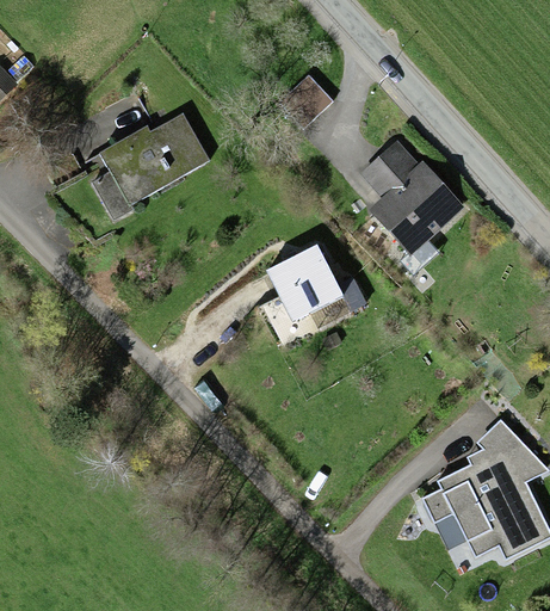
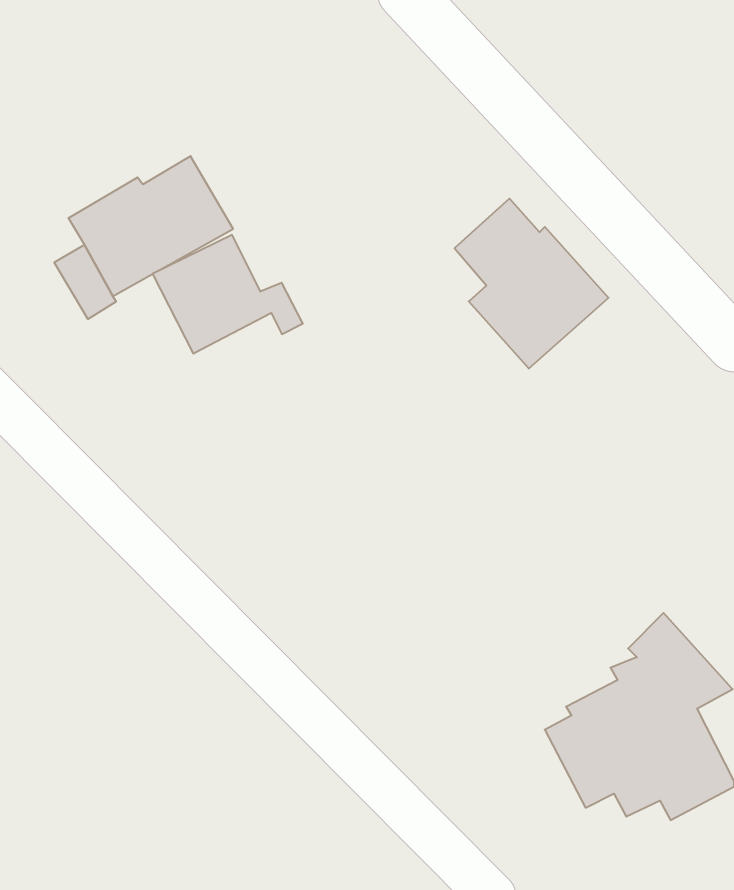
building: [278,74,333,129] -> none
building: [265,242,366,322] -> [152,235,303,354]

